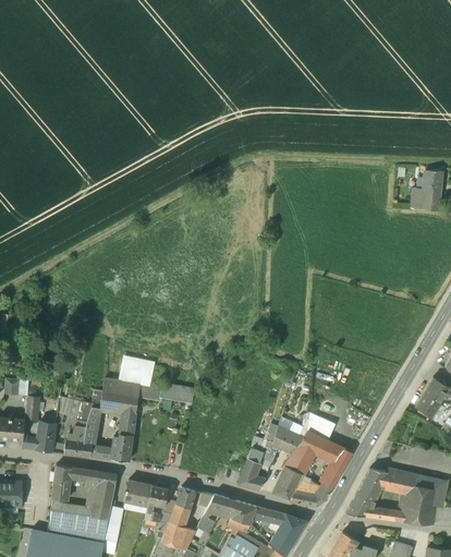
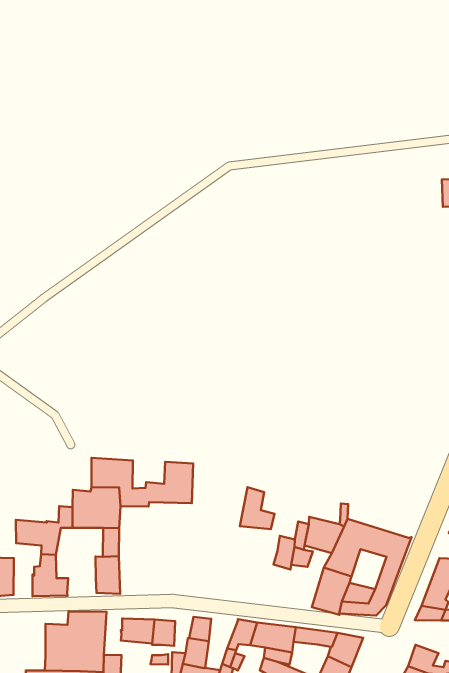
building: [84,407,113,459] -> none
building: [237,457,265,491] -> [240,487,275,529]
building: [50,464,89,500] -> none

